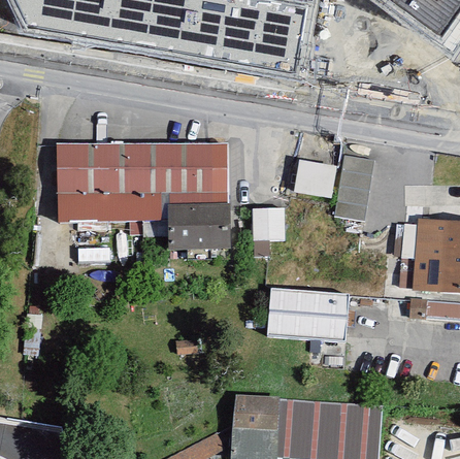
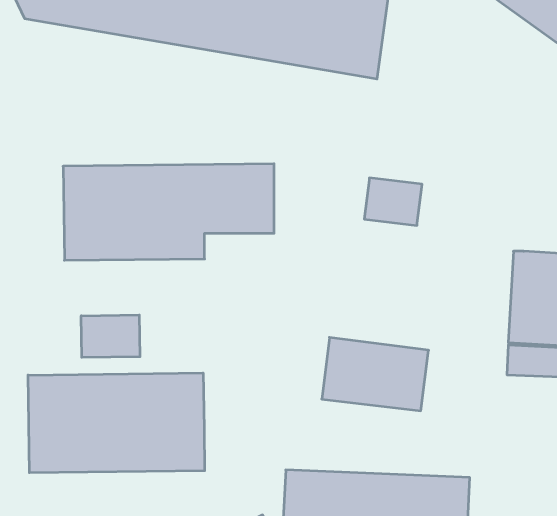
building: [168,202,225,248] -> none
building: [254,205,287,237] -> none
building: none -> [81,315,140,357]
building: none -> [28,373,205,473]

